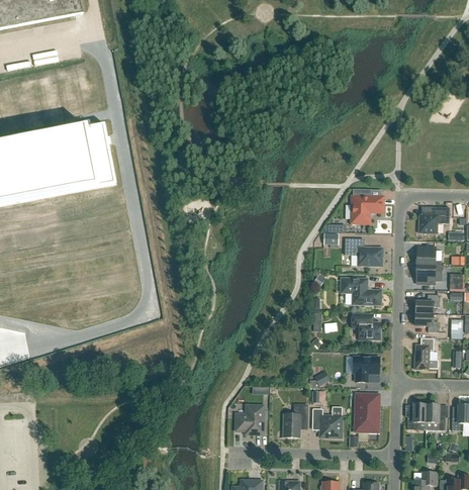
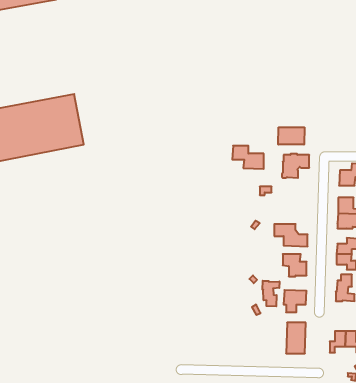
building: none -> [278,127,304,145]
building: [345,238,382,266] -> [232,146,264,169]
building: none -> [262,281,279,306]
building: [283,404,307,437] -> none
building: [237,405,264,433] -> none
building: [313,408,342,437] -> none

